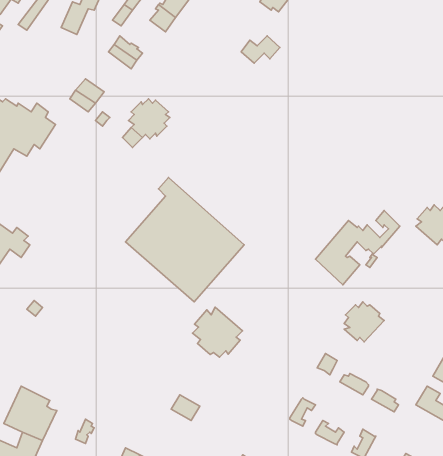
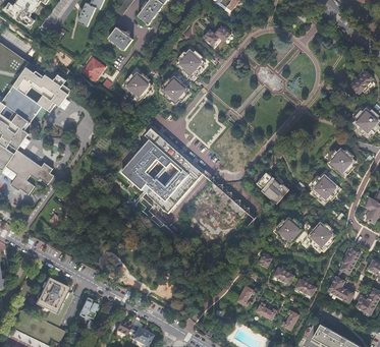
building: none -> [161,49,205,104]
building: none -> [312,173,340,201]
building: [192,307,242,357] -> none
building: none -> [308,221,336,249]

